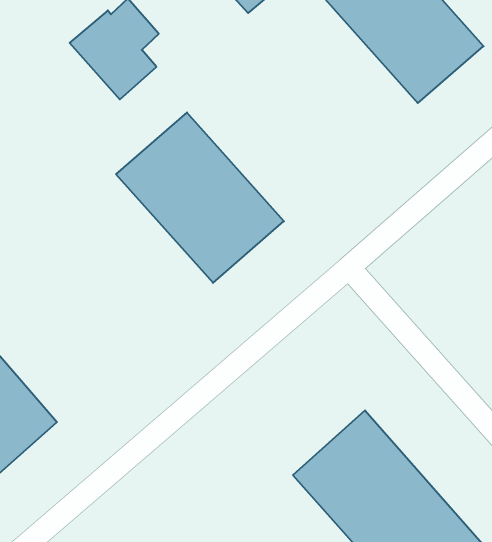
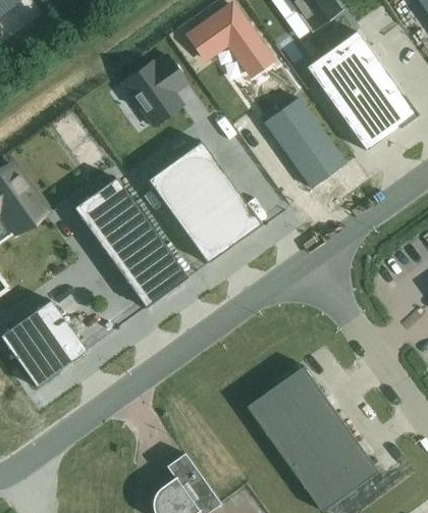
building: none -> [264,97,345,188]
building: none -> [72,175,189,308]

